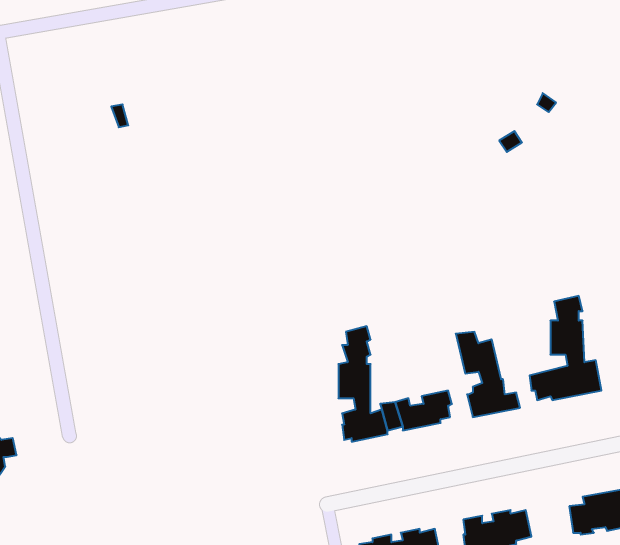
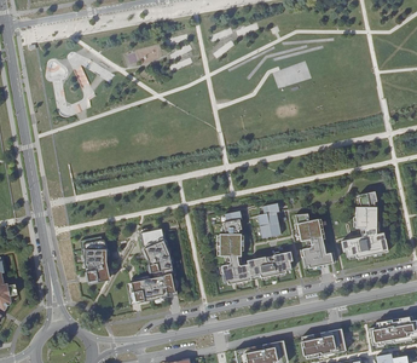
building: none -> [260,204,283,238]
building: none -> [128,227,179,304]
building: none -> [82,235,109,281]

